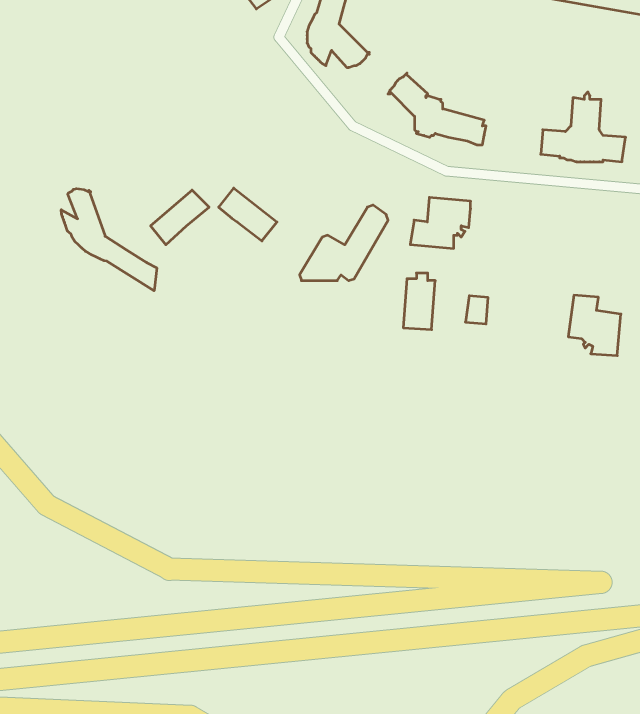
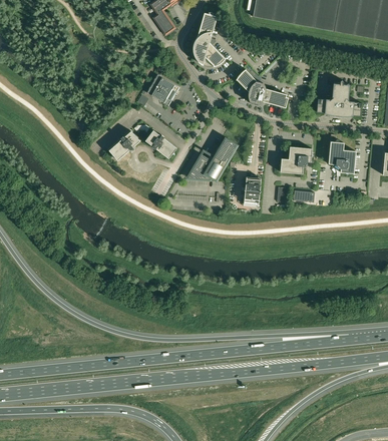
building: none -> [136,74,177,105]
building: [61,189,157,291] -> none
building: [410,197,471,248] -> [279,145,311,172]
building: [568,295,621,356] -> [327,140,355,172]

